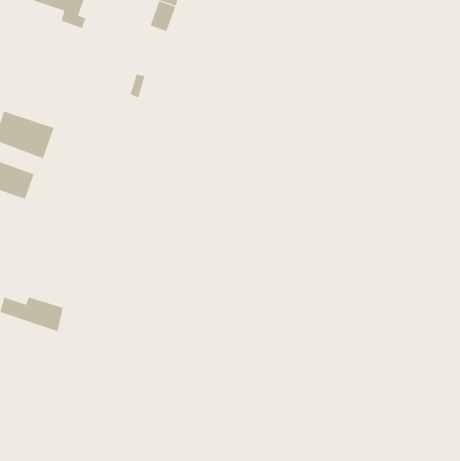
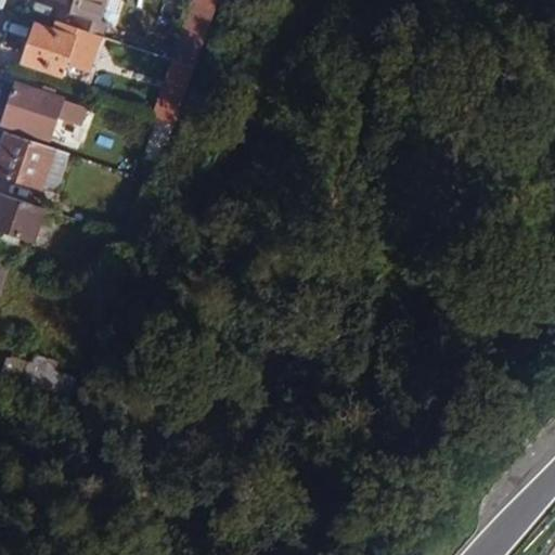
building: none -> [22,21,96,73]
building: none -> [8,87,65,141]

